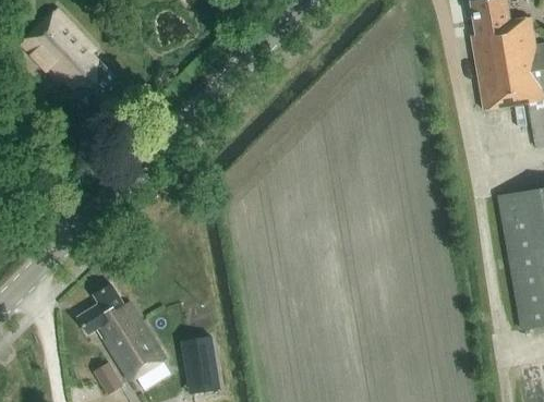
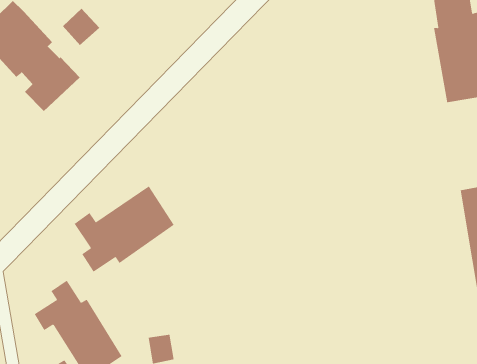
building: none -> [62,8,100,46]
building: none -> [74,186,175,273]

